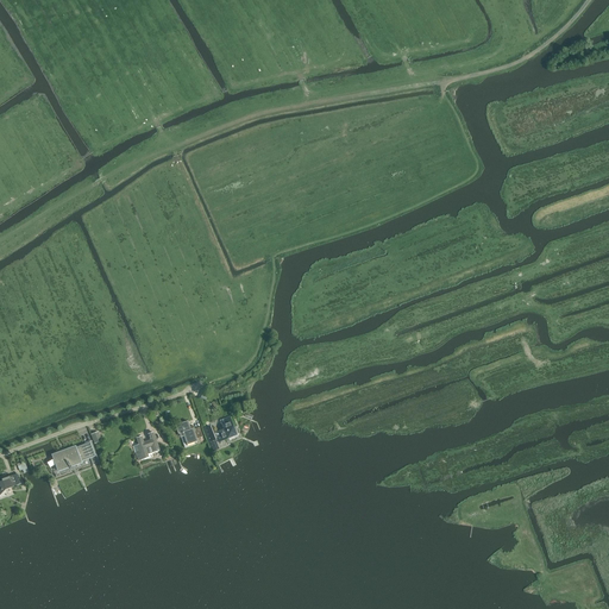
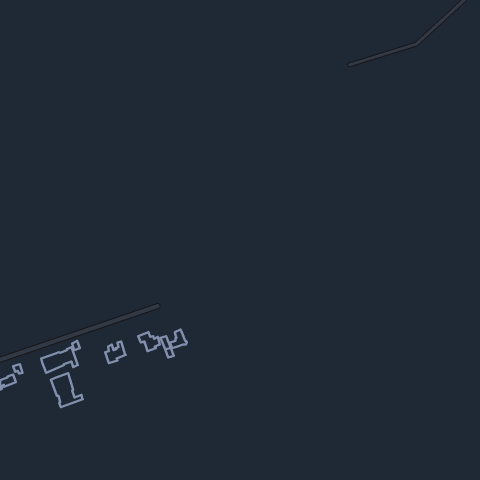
building: none -> [51,373,83,407]

